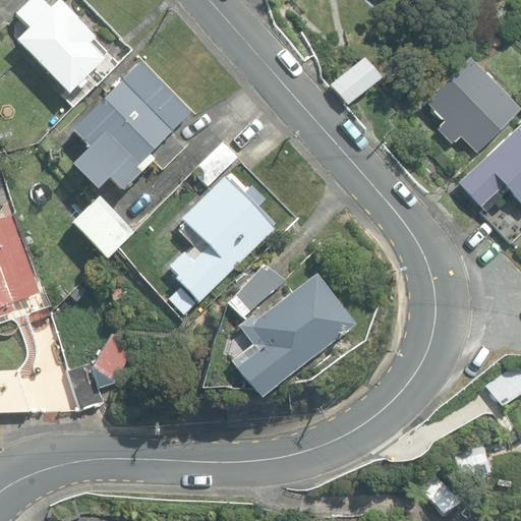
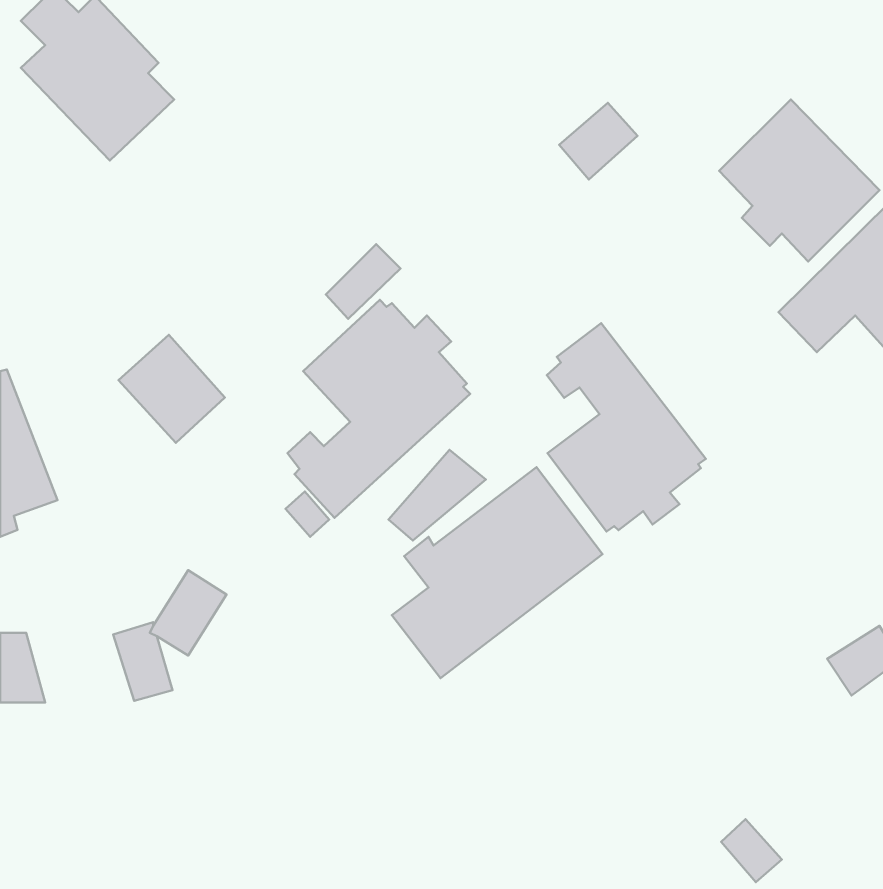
building: [70,60,190,189] -> none
building: none -> [547,323,706,531]

